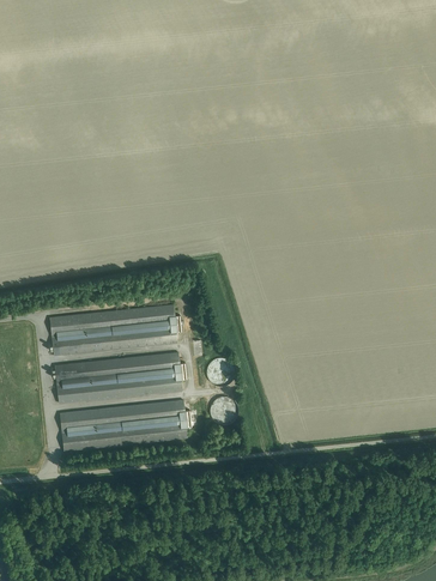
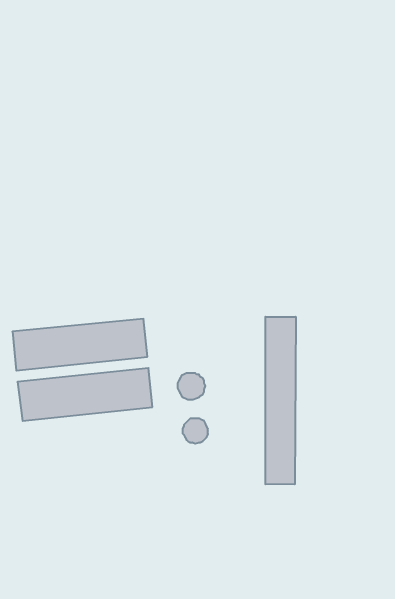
building: none -> [265,317,296,484]
building: [60,399,187,449] -> none

